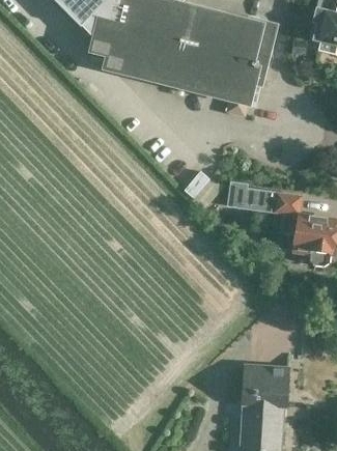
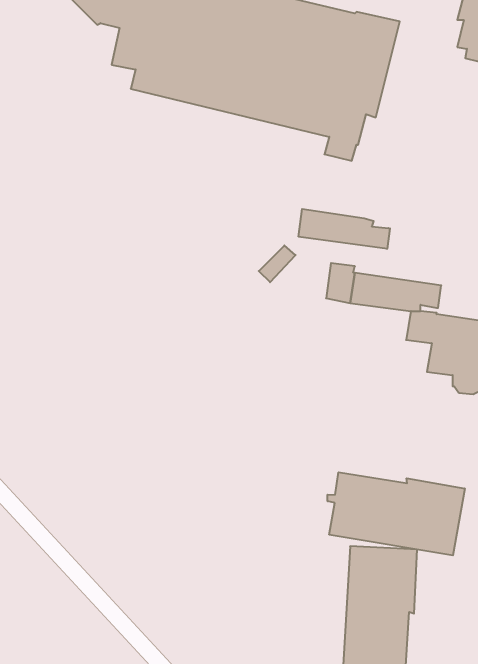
building: none -> [299,209,390,249]
building: none -> [328,472,465,555]

